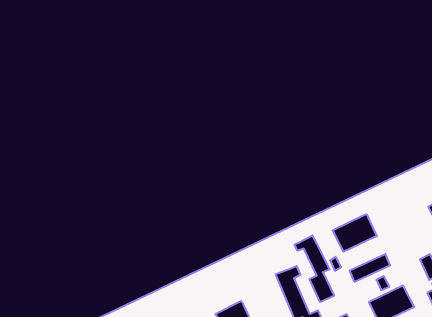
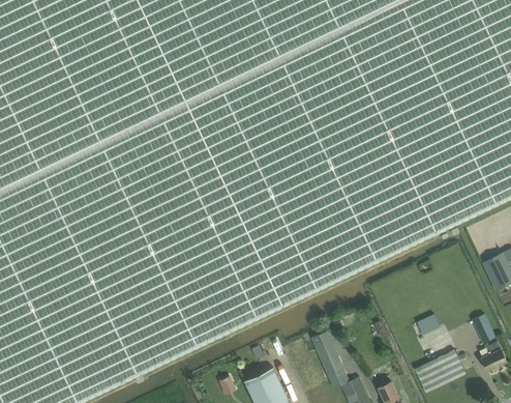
building: [333,214,377,252] -> none
building: [295,235,334,302] -> none

